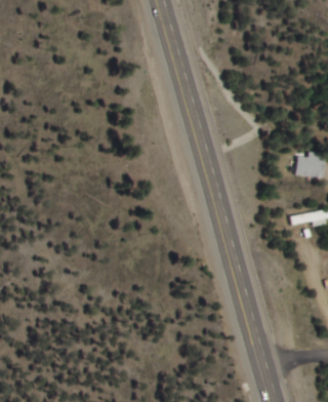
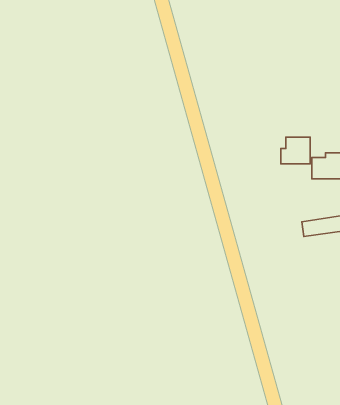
building: none -> [281,137,310,164]

